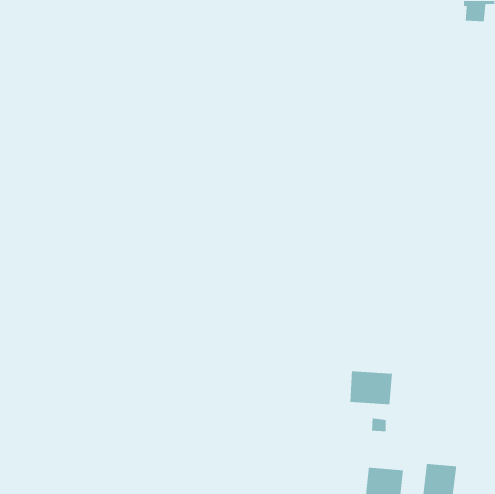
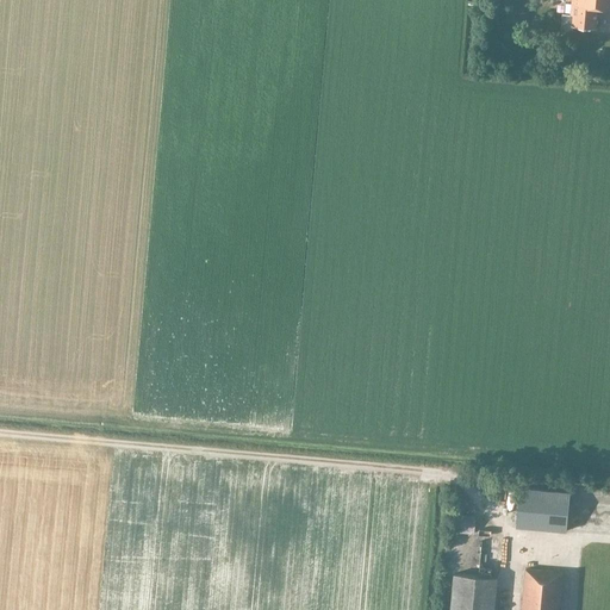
building: [349,370,393,405] -> [516,490,569,533]

